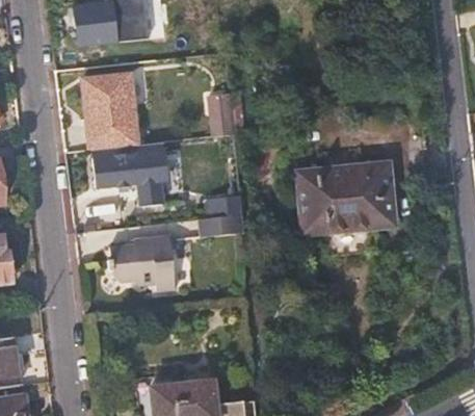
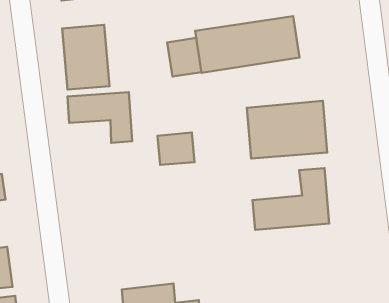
building: none -> [195,16,300,73]
building: [108,235,178,290] -> none
building: none -> [253,168,329,230]

